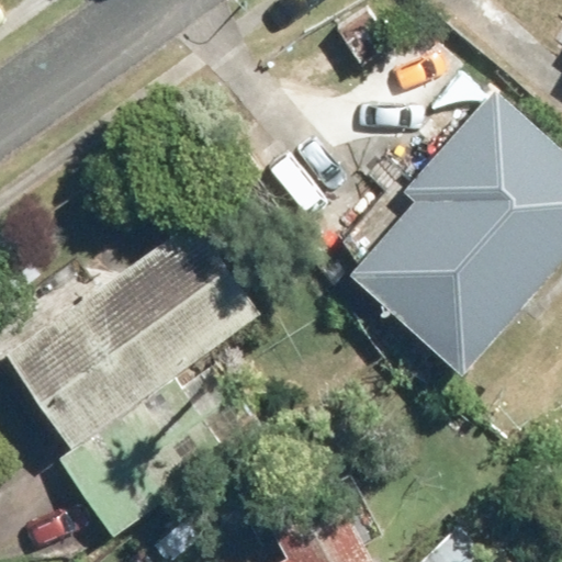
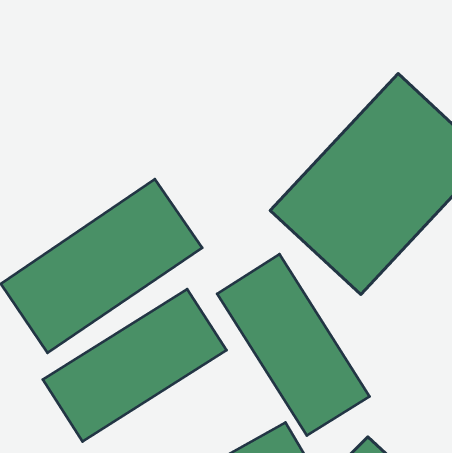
building: none -> [217,254,370,436]

